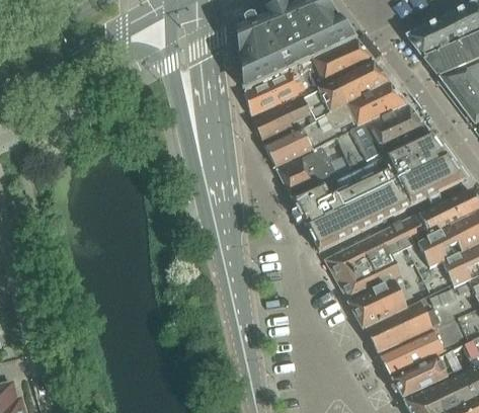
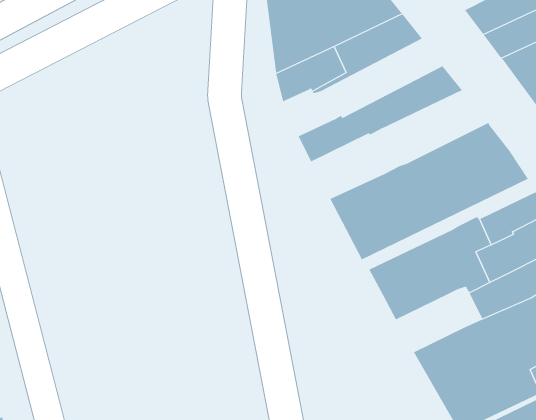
building: [252,59,389,140] -> none
building: [336,103,428,168] -> none
building: [276,146,338,196] -> none
building: [348,272,422,328] -> none

